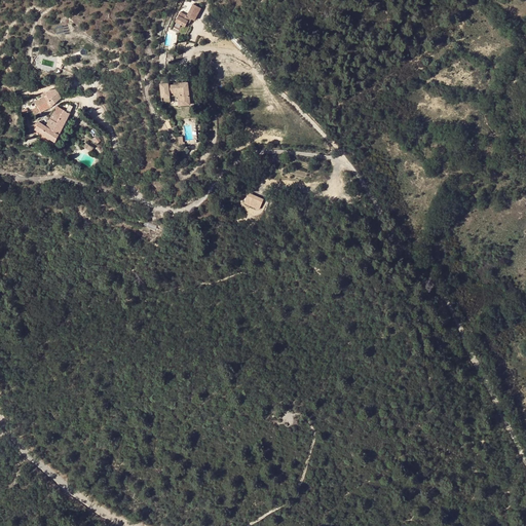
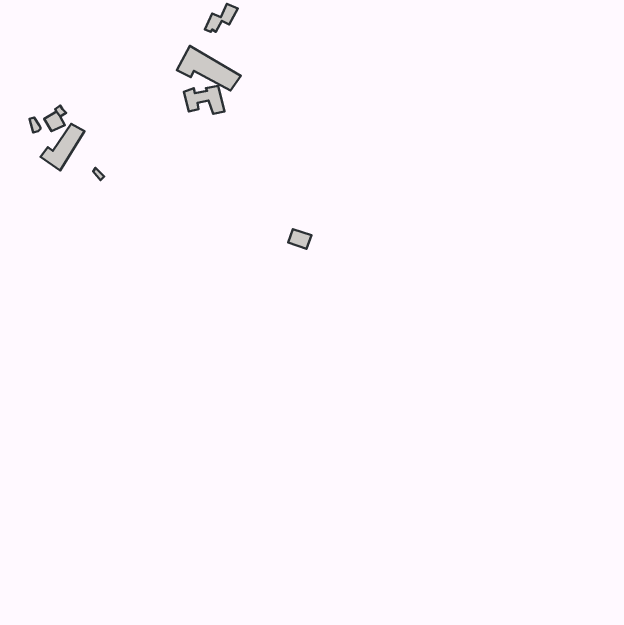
building: none -> [177,46,241,91]

